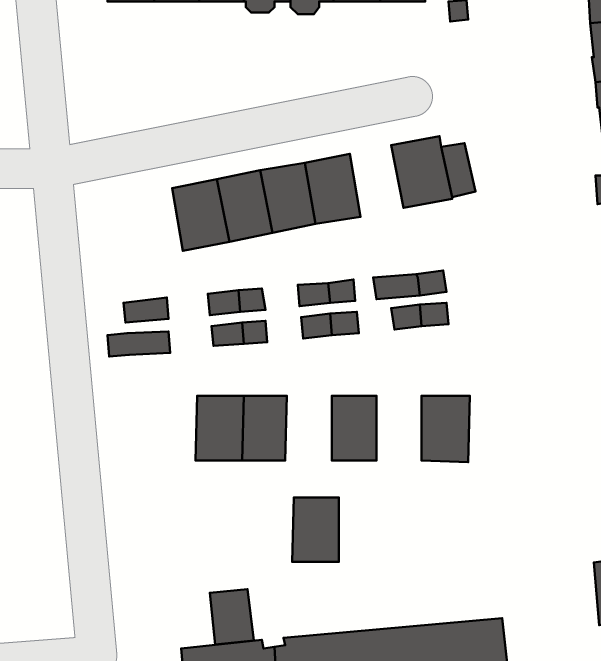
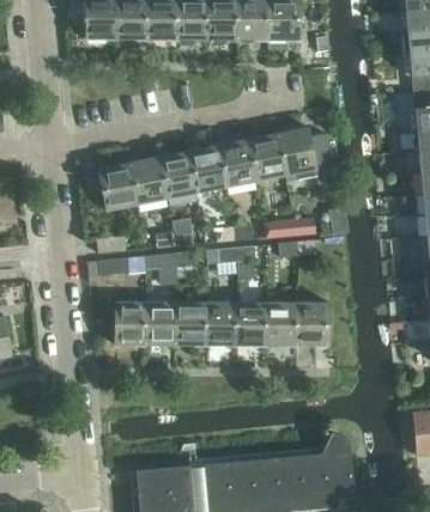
building: none -> [249,134,285,182]
building: none -> [99,163,138,211]
building: none -> [116,301,147,345]
building: none -> [267,301,297,345]
building: [292,497,339,562] -> [206,301,237,345]
building: [210,589,254,645] -> none

